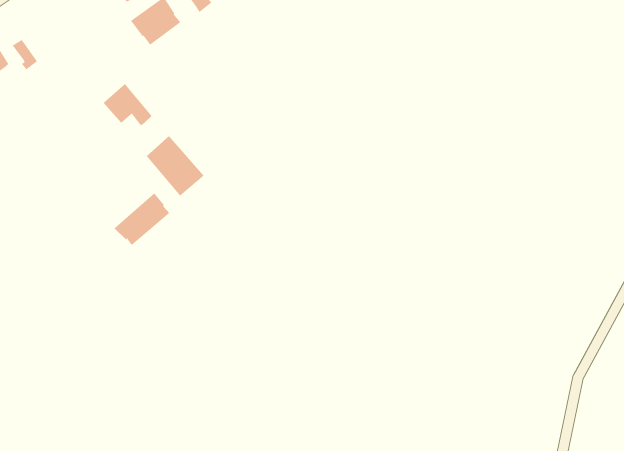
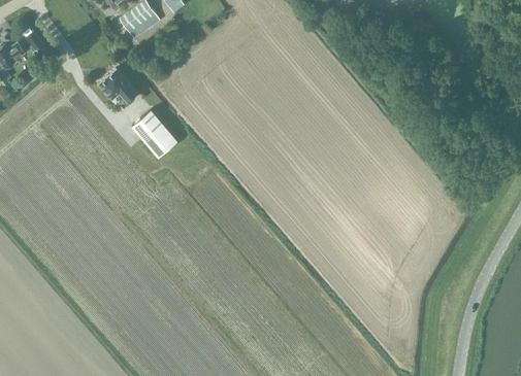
building: [113,193,170,246] -> none

